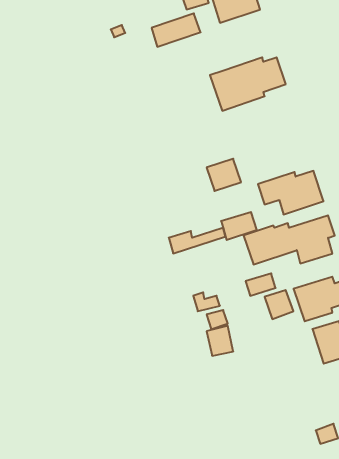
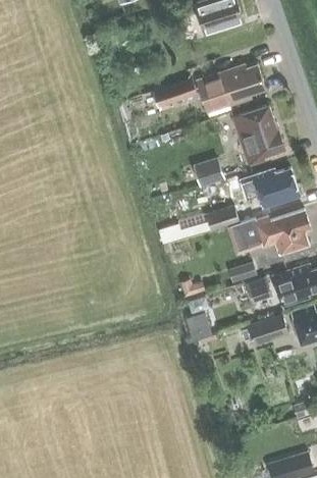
building: [152,13,201,47] -> [153,78,198,109]
building: none -> [231,106,283,165]
building: none -> [247,315,289,349]

